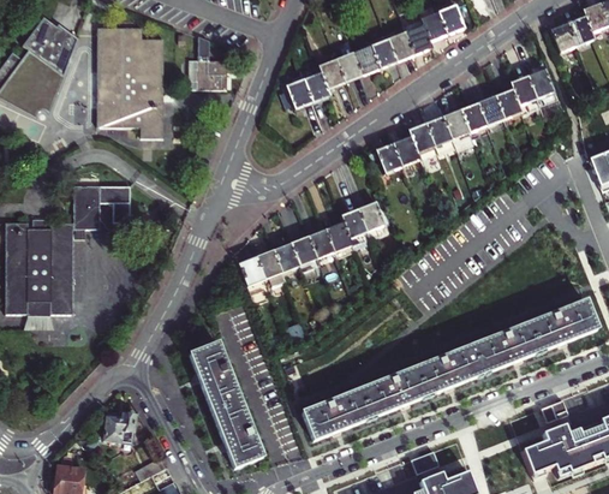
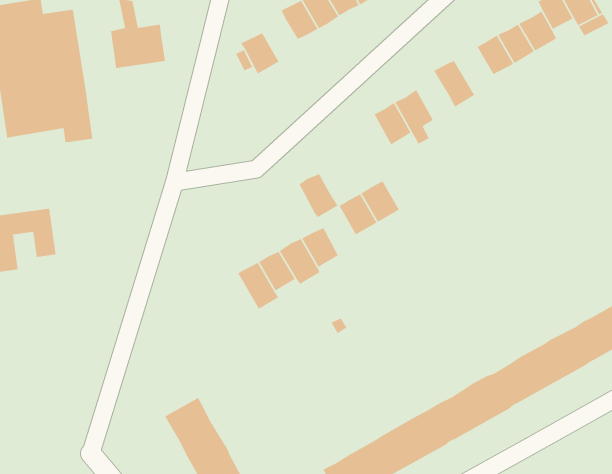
building: [304,70,332,101] -> none
building: [444,111,474,147] -> none
building: [411,124,440,161] -> none
building: [329,224,357,257] -> [298,173,338,218]
building: [241,255,271,292] -> none

